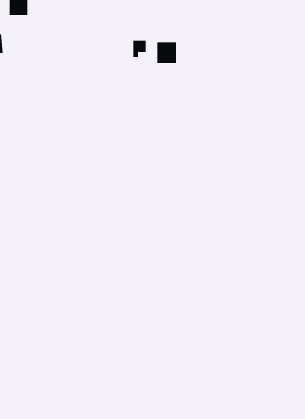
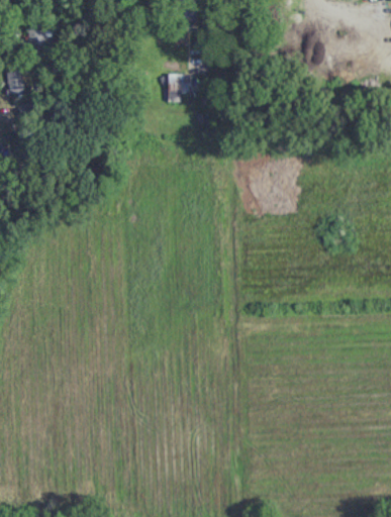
building: [157,42,176,64] -> none

